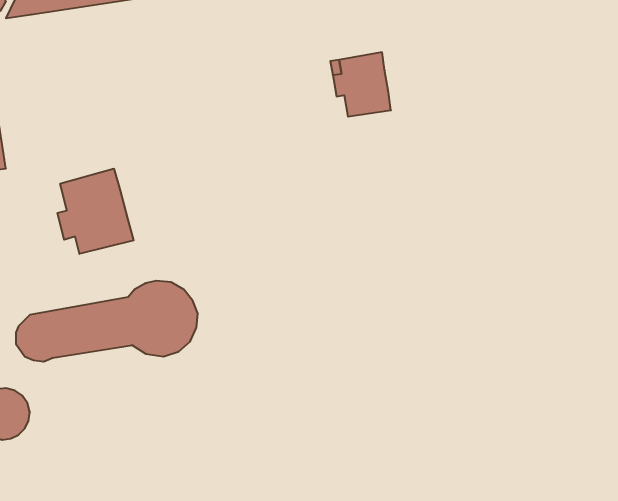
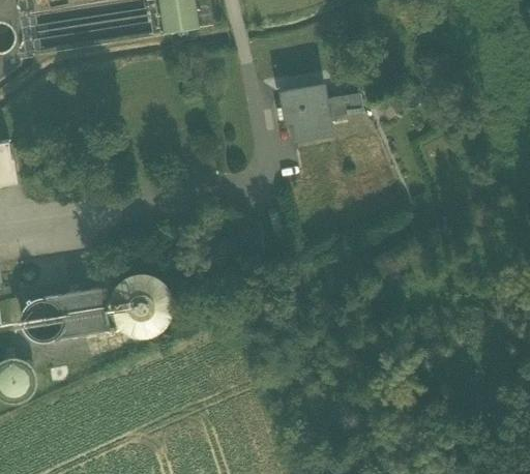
building: none -> [319,93,356,118]
building: [57,169,134,254] -> none

